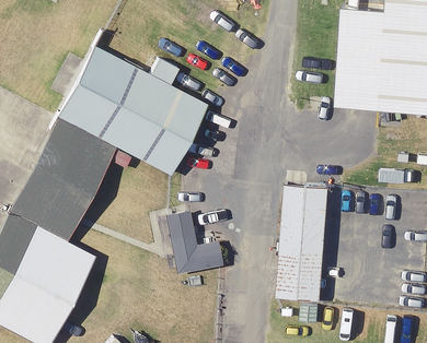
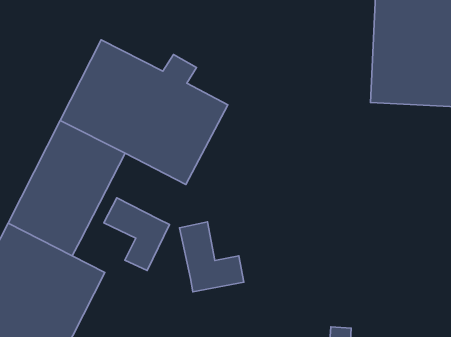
building: [277,174,331,301] -> none
building: none -> [104,198,170,271]

